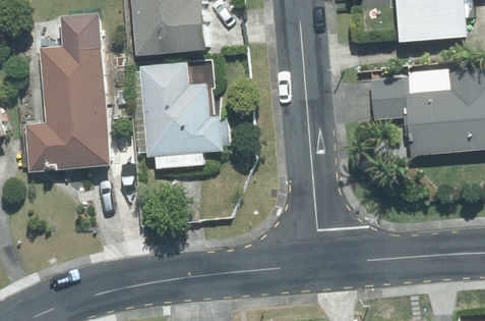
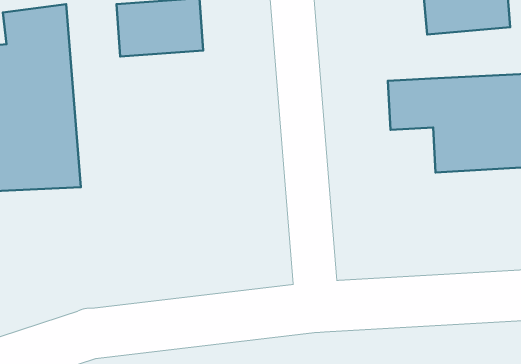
building: [129,59,228,169] -> none

